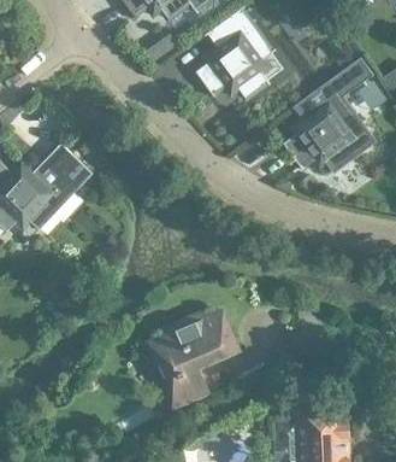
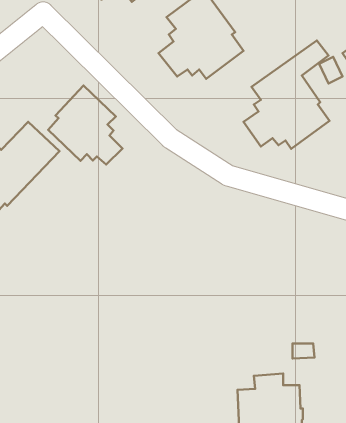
building: none -> [48,85,123,164]
building: [147,309,237,407] -> none

